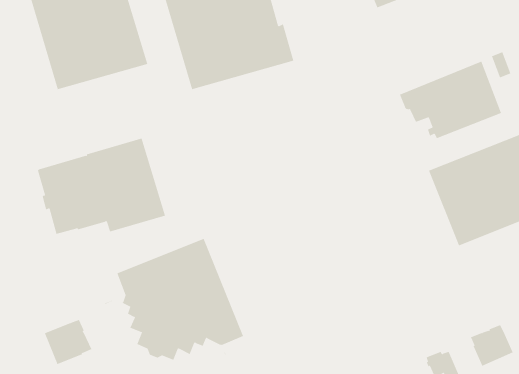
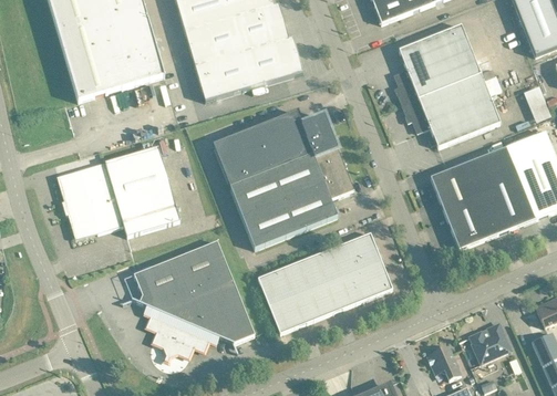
building: none -> [394,23,481,104]
building: none -> [213,110,349,248]
building: none -> [258,231,392,332]
building: [44,319,92,365] -> none

